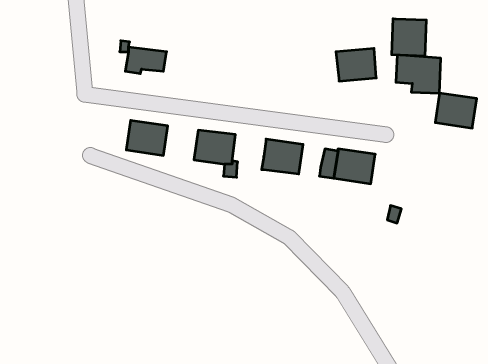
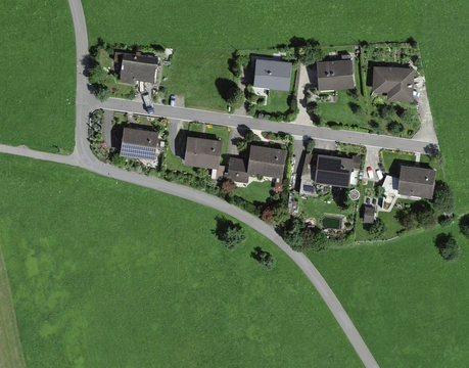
building: [392,19,426,56] -> none
building: none -> [253,58,291,90]
building: [435,93,477,128] -> [396,165,435,197]
building: none -> [227,157,248,183]

